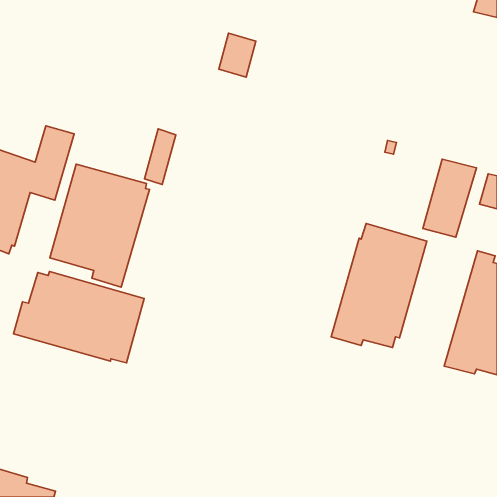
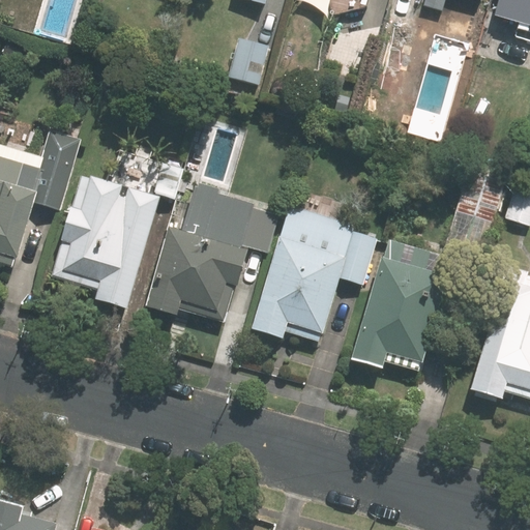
building: none -> [146,189,253,319]
building: none -> [251,209,375,342]
building: [14,271,144,363] -> none

